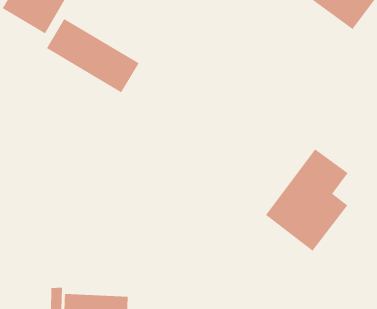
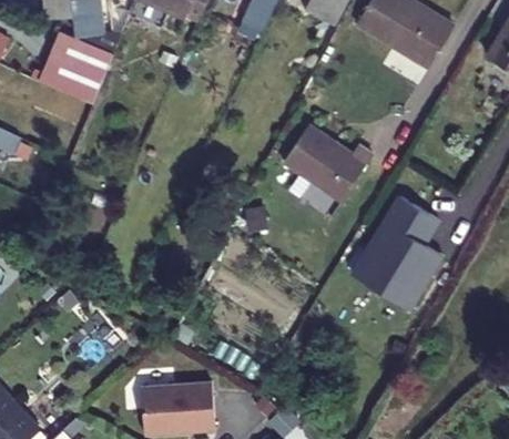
building: [46,18,139,93] -> none
building: none -> [282,122,366,198]

